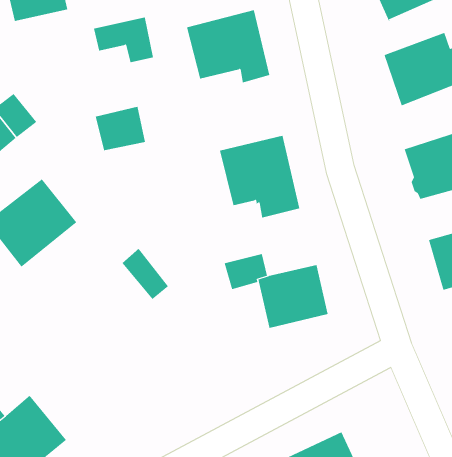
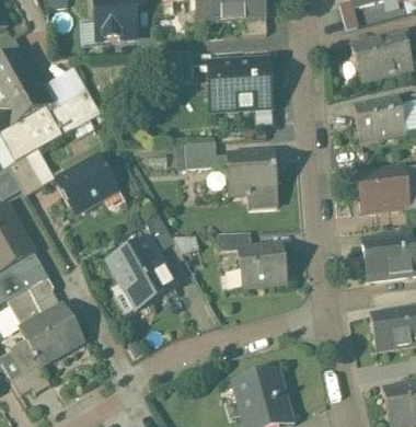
building: [95,106,146,151] -> [184,140,217,168]
building: none -> [108,239,174,309]

